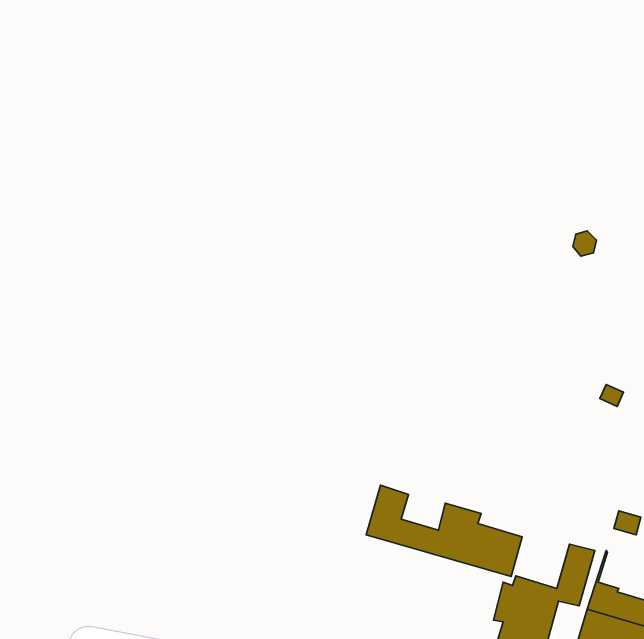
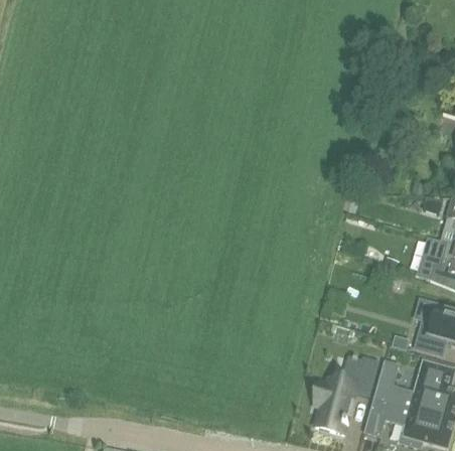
building: [366,485,522,576] -> none

